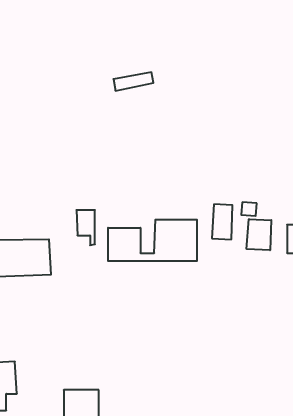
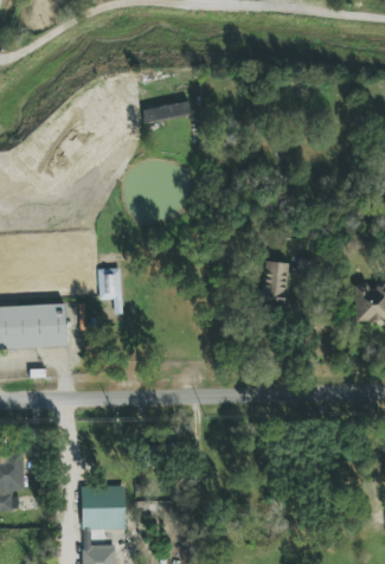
building: [247,219,271,250] -> none
building: [108,220,197,261] -> none

